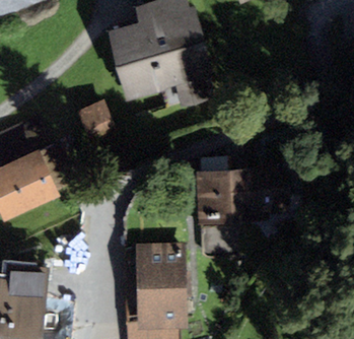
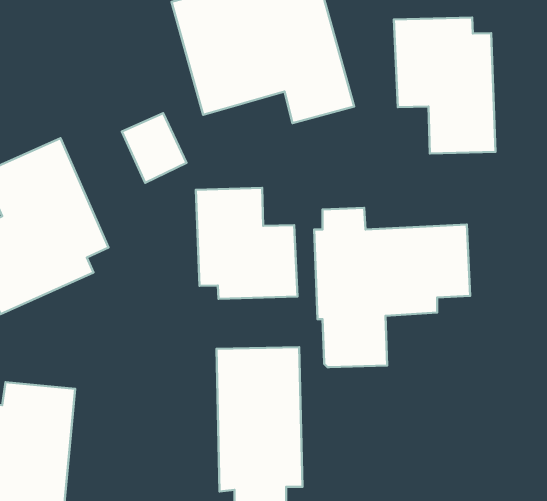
building: none -> [394,17,495,154]
building: none -> [196,188,297,299]

